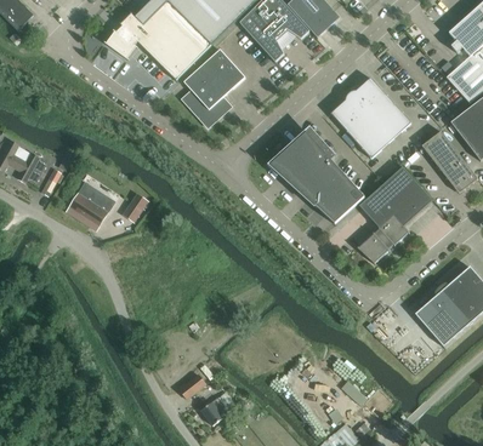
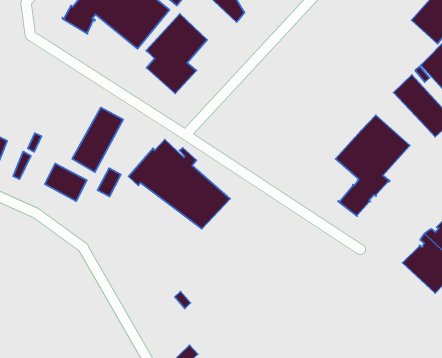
building: [331,76,411,158] -> none
building: [268,132,365,223] -> [129,140,230,229]
building: none -> [72,108,123,172]

